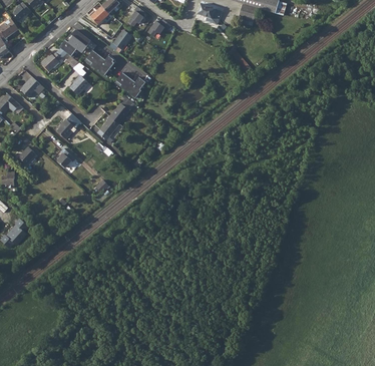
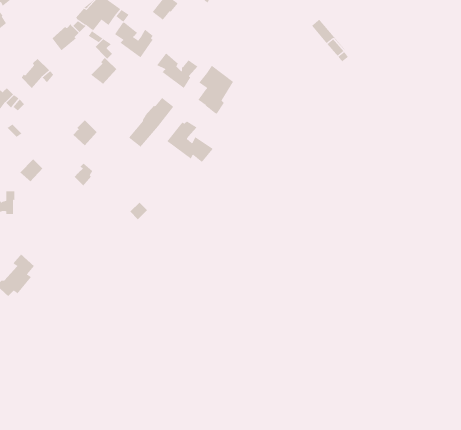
building: none -> [197,65,234,114]
building: none -> [167,120,213,163]

